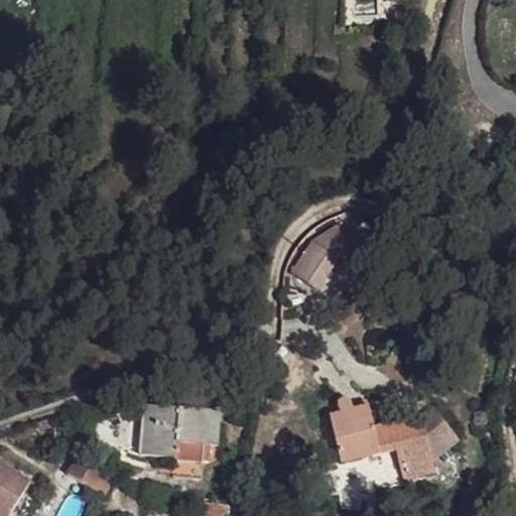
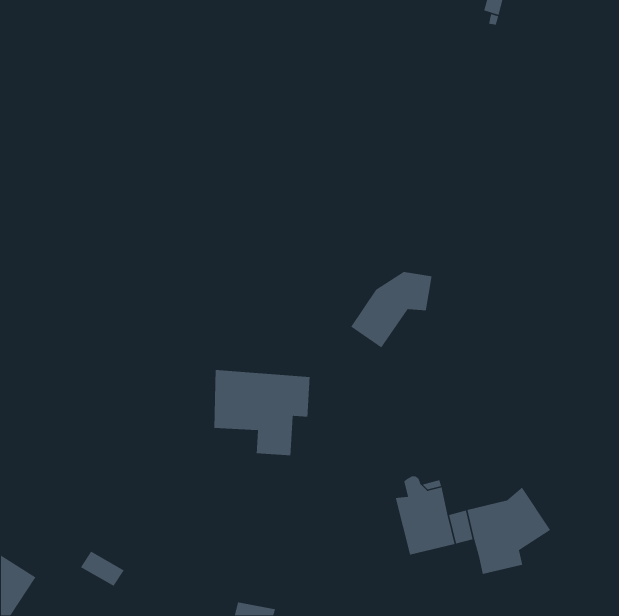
building: [139,404,220,477] -> [214,369,310,456]

